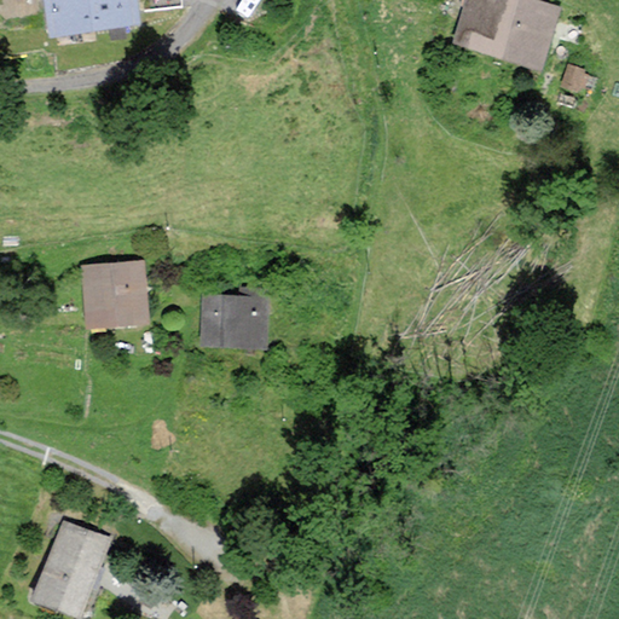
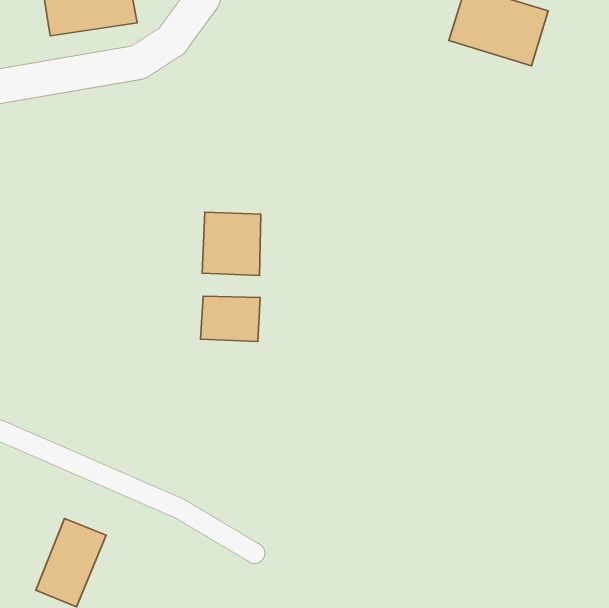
building: none -> [202,212,261,275]
building: [86,265,145,328] -> none

